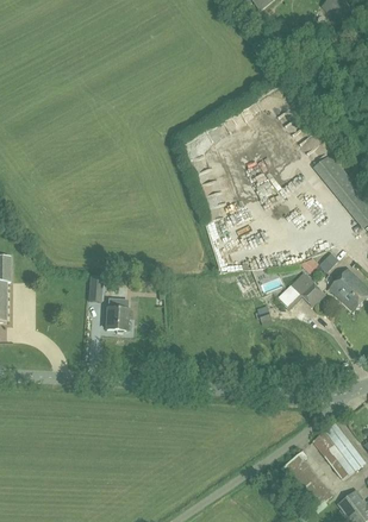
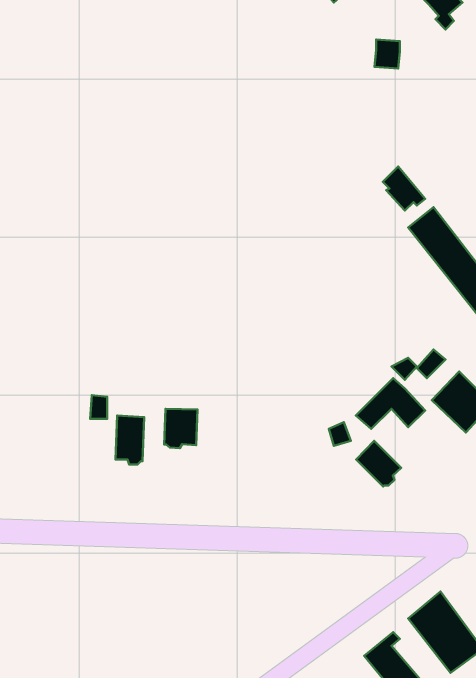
building: none -> [164,409,197,448]
building: none -> [356,441,401,487]

